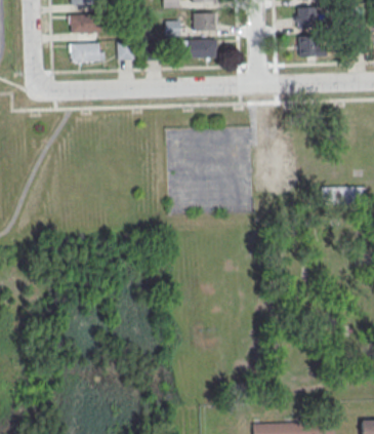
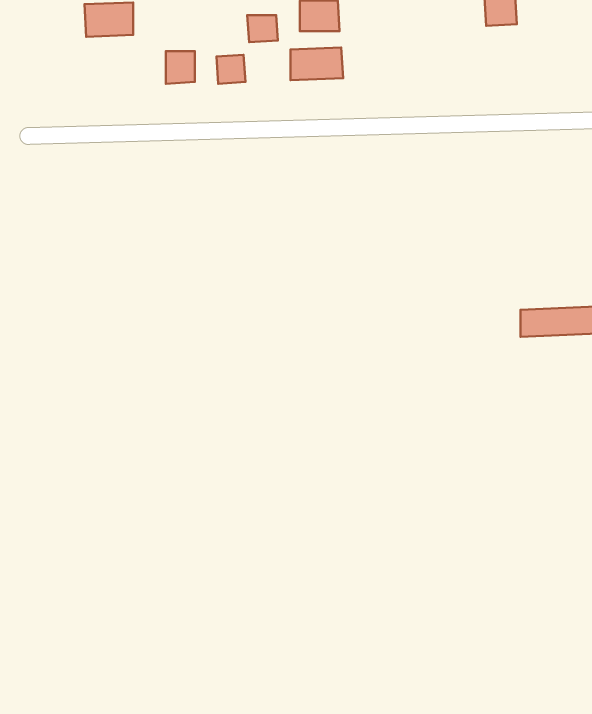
building: [300,37,328,57] -> none
building: [73,43,100,63] -> none

